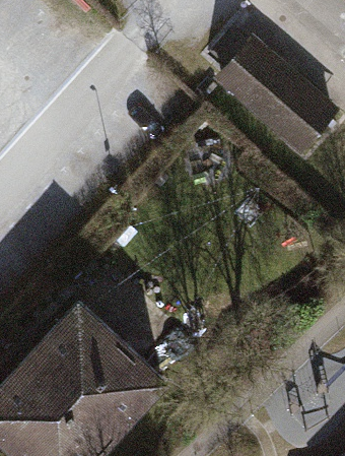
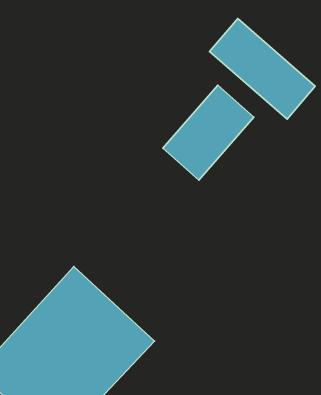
building: none -> [163,85,254,180]

